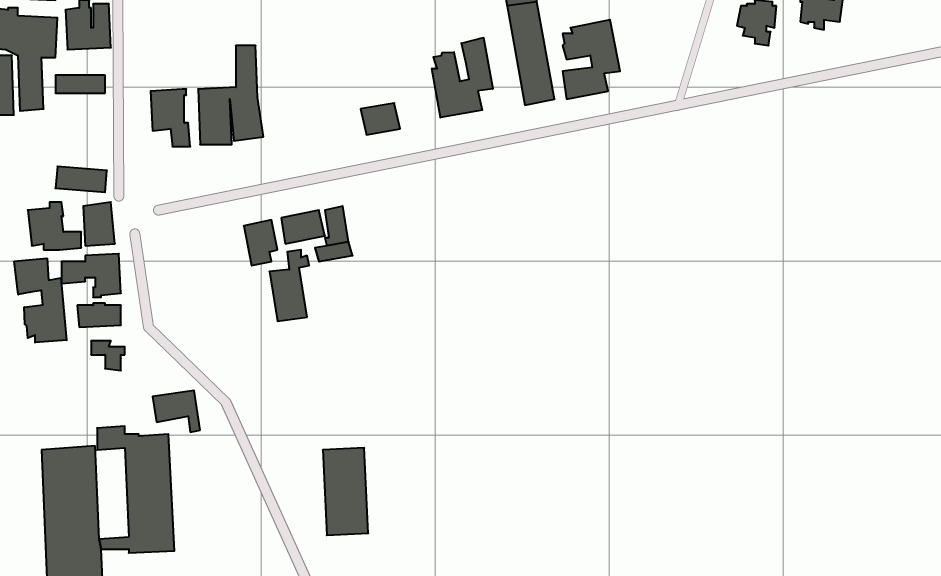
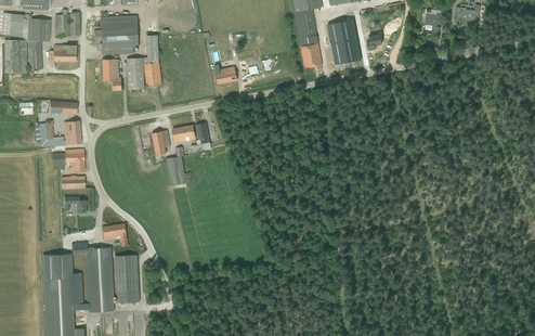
building: none -> [94,15,139,54]
building: [432,38,493,118] -> none
building: [14,258,67,343] -> none
building: [323,448,368,535] -> [115,255,140,302]

